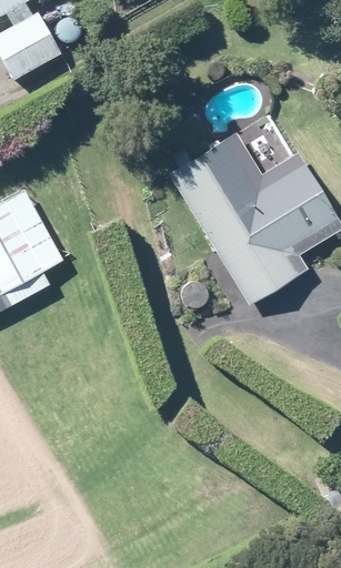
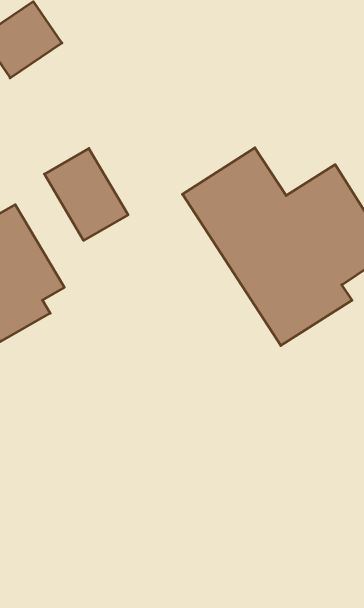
building: none -> [44,148,128,240]

